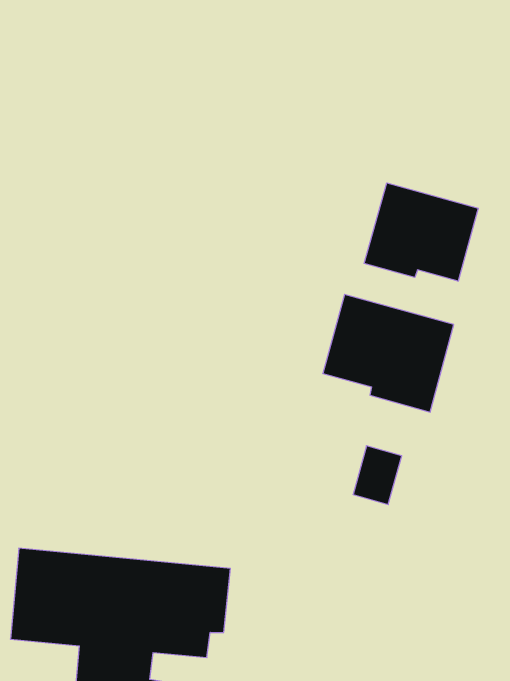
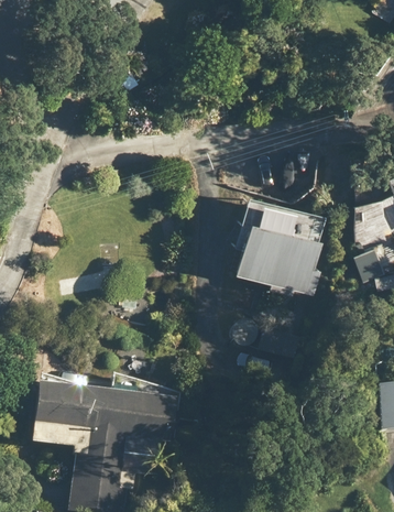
building: [364,183,478,281] -> none

